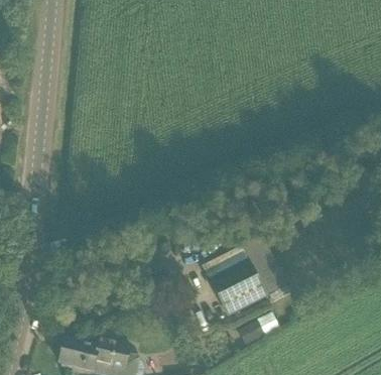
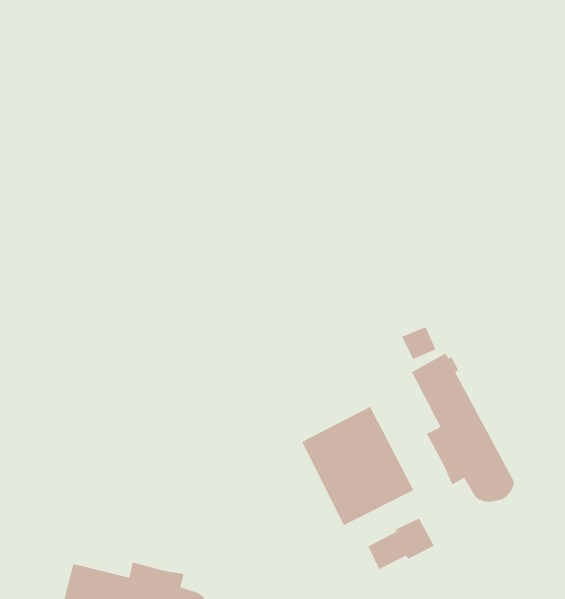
building: none -> [411,353,515,502]

